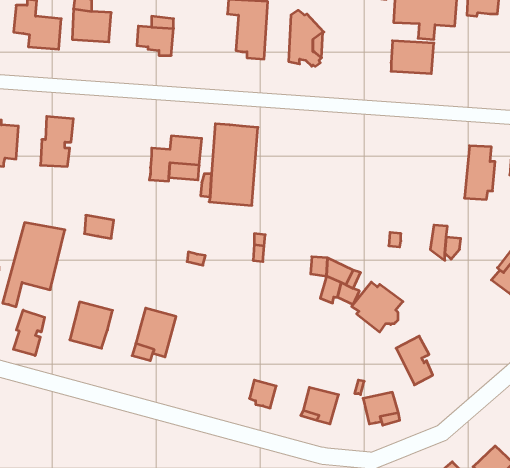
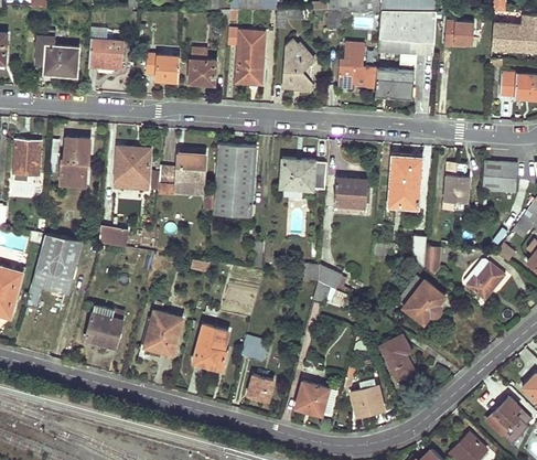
building: none -> [339,44,377,88]
building: none -> [190,49,215,83]
building: none -> [115,147,150,182]
building: none -> [387,156,421,208]
building: none -> [281,158,326,190]
building: none -> [334,178,367,207]
building: [352,282,403,332] -> [398,278,444,323]
building: [13,310,45,356] -> none
building: none -> [193,324,228,370]
building: none -> [240,336,267,361]

